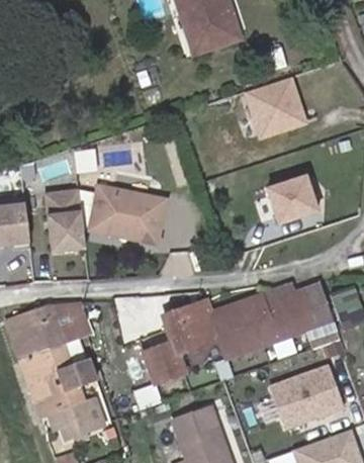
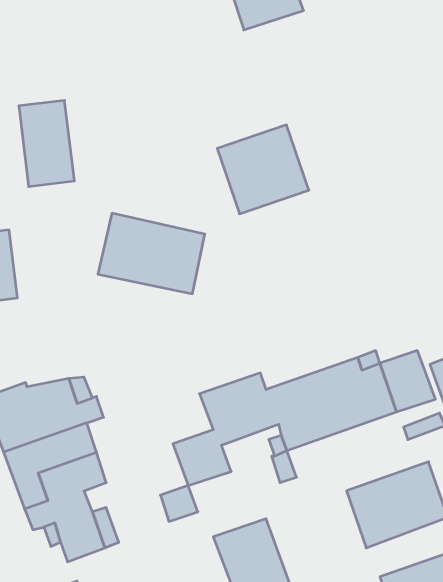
building: [245,73,311,137] -> [217,125,309,214]
building: [265,170,322,223] -> none
building: [43,189,84,252] -> [19,100,74,187]

